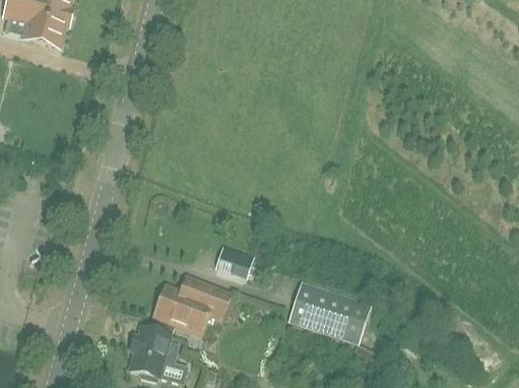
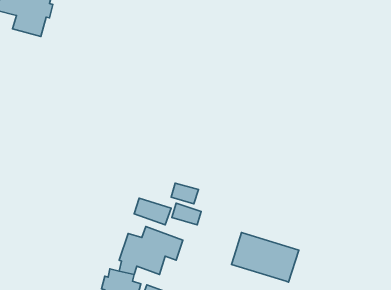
building: none -> [171,183,198,204]
building: none -> [134,198,171,225]

